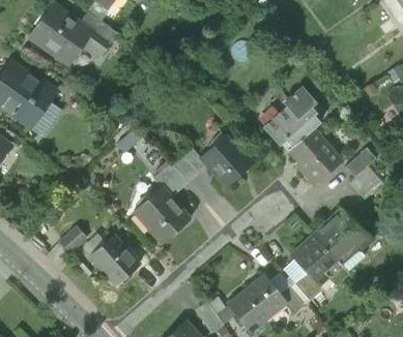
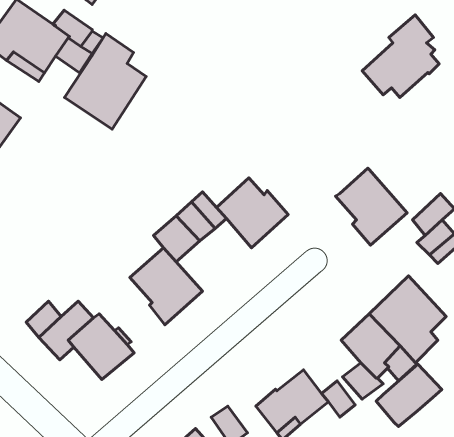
building: none -> [65,34,146,129]
building: [263,87,320,148] -> [362,15,439,98]
building: none -> [376,364,442,427]

